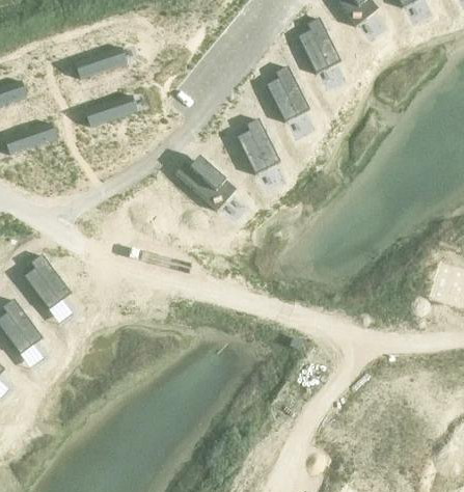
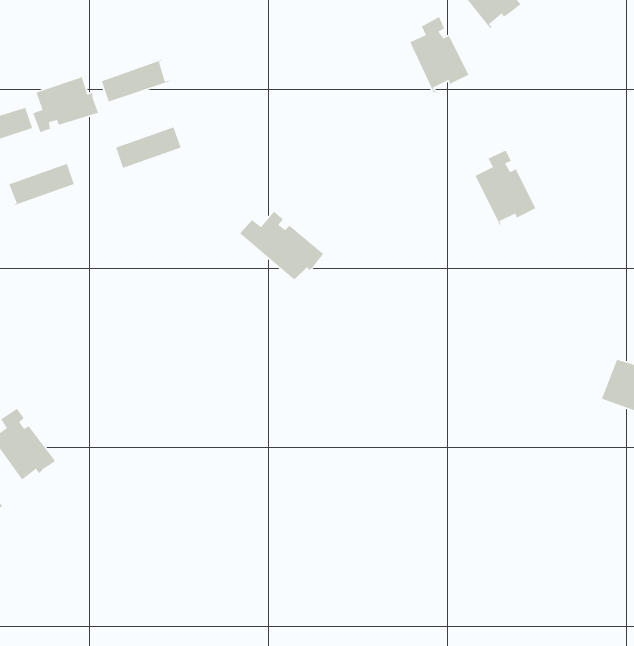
building: none -> [32,75,99,133]
building: [266,66,310,122] -> [474,150,536,227]
building: [237,118,280,174] -> none
building: [25,255,73,311] -> none

